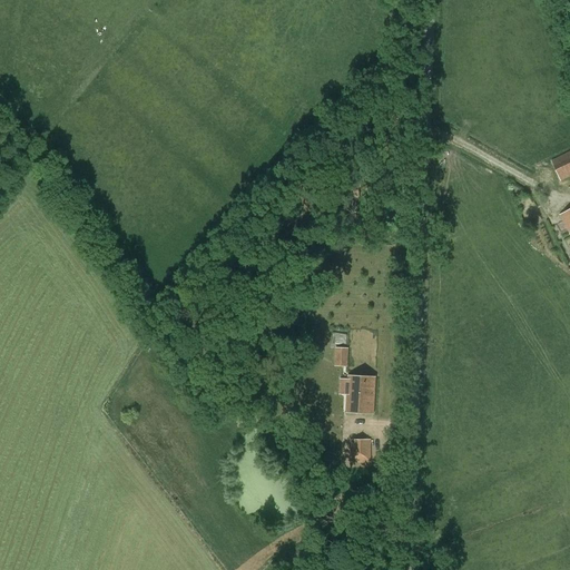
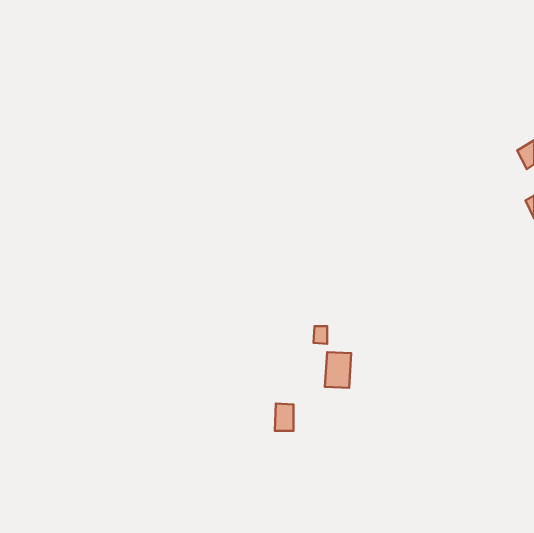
building: [351,438,371,466] -> [275,404,294,431]

